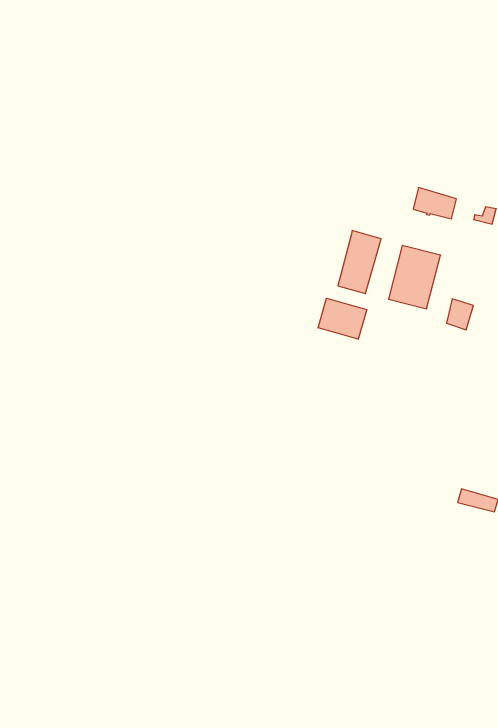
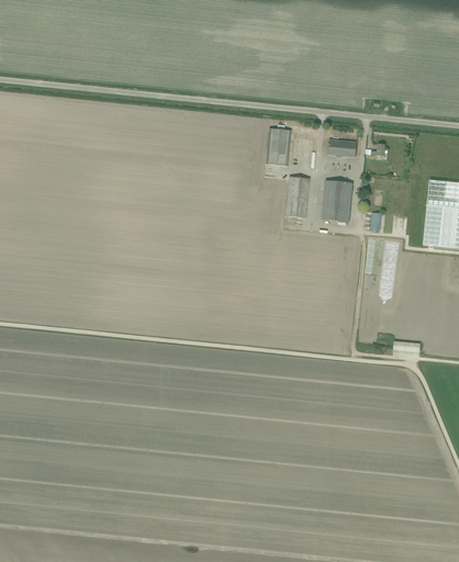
building: none -> [267,127,292,166]
building: [318,298,367,339] -> none

